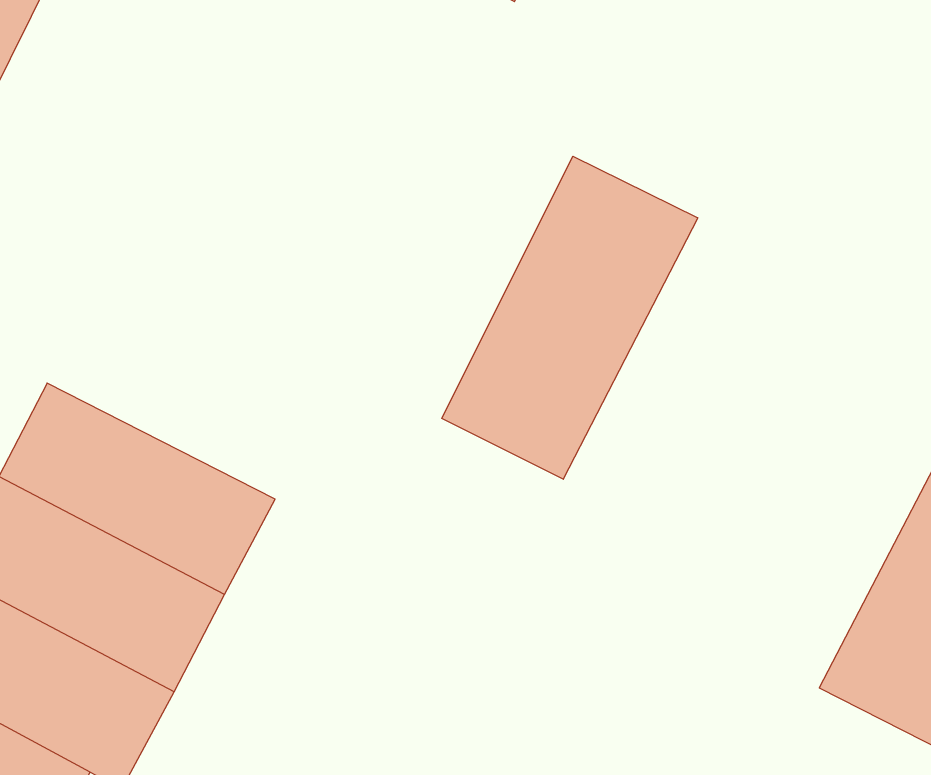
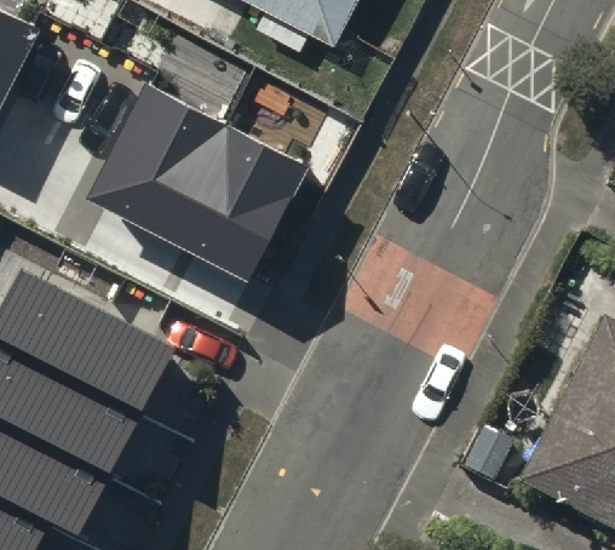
building: none -> [91,80,306,275]
building: [442,156,698,479] -> none

